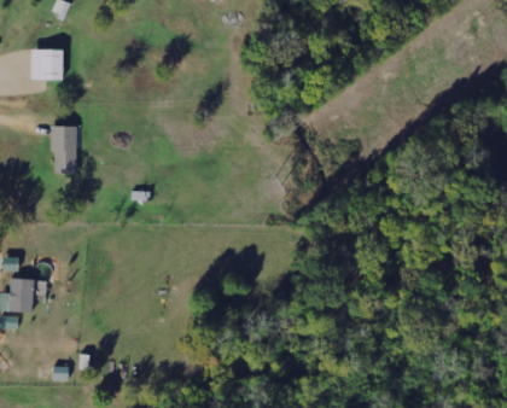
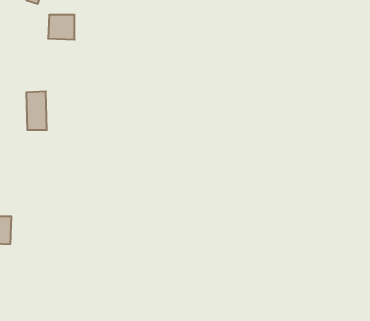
building: [30,49,63,80] -> [48,15,75,40]

